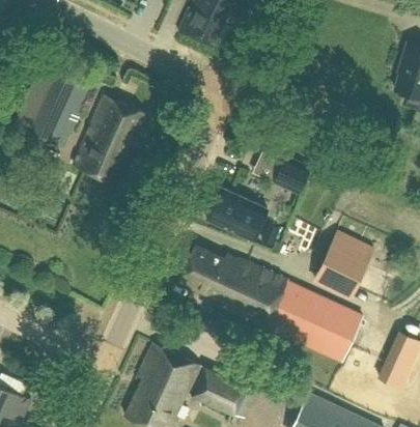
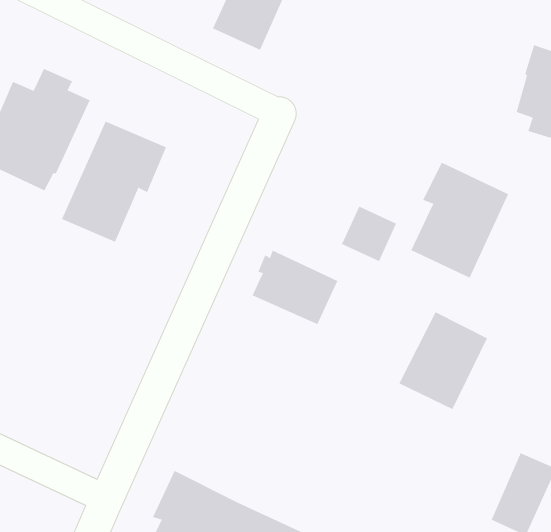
building: none -> [410,162,509,278]
building: [179,246,363,362] -> none

